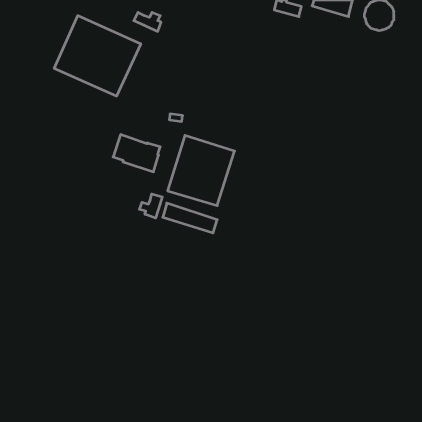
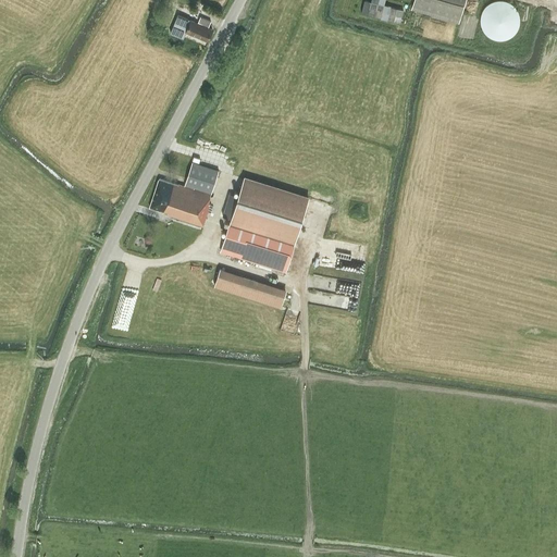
building: [54,16,141,96] -> none
building: none -> [184,162,219,194]
building: [139,194,162,218] -> none

